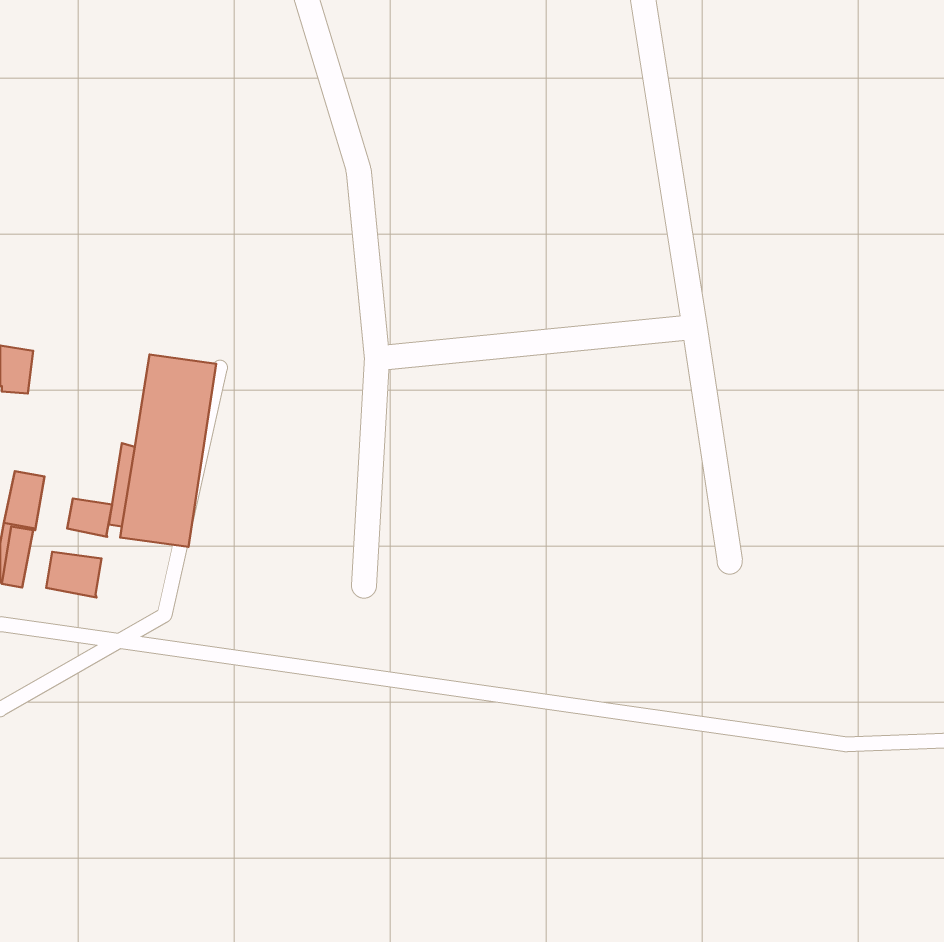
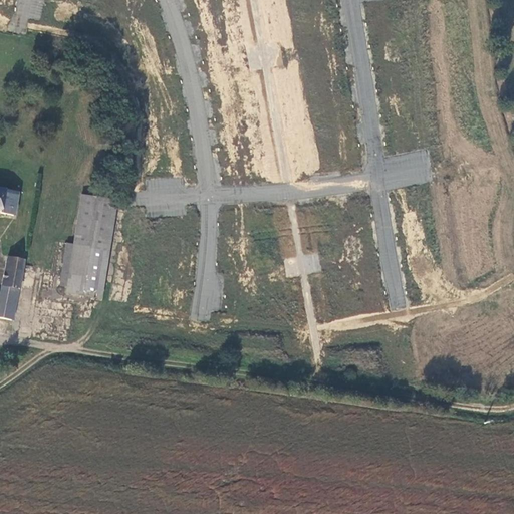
building: [67,498,112,537] -> none
building: [46,552,102,597] -> none

